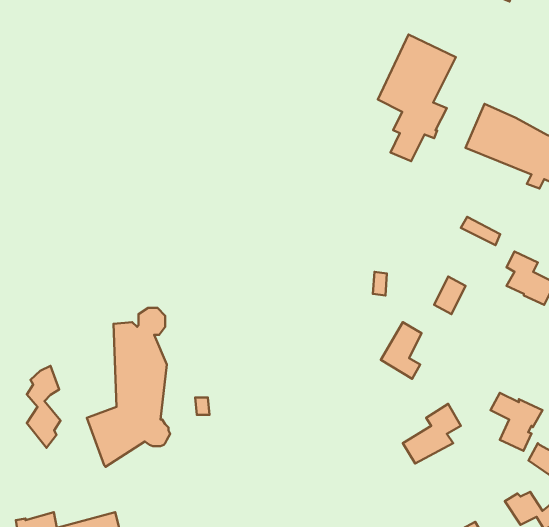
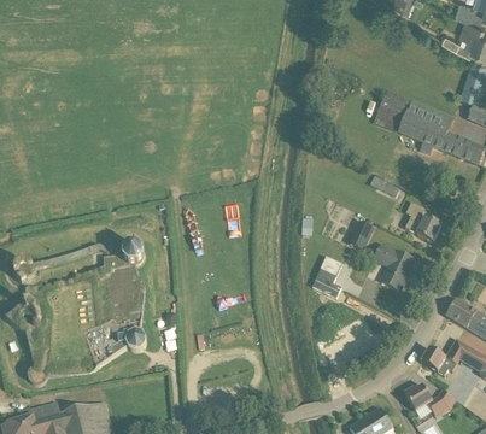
building: [378,34,456,161] -> none
building: [27,366,60,448] -> none
building: [490,393,542,451] -> [374,246,414,291]

